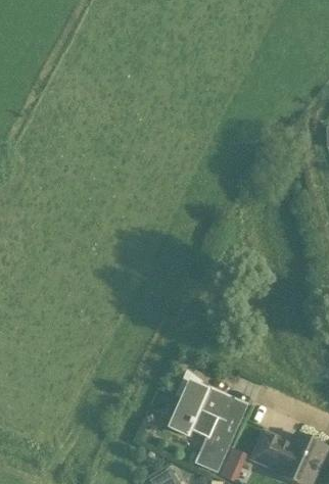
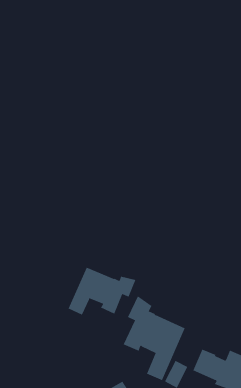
building: none -> [68,267,136,315]

